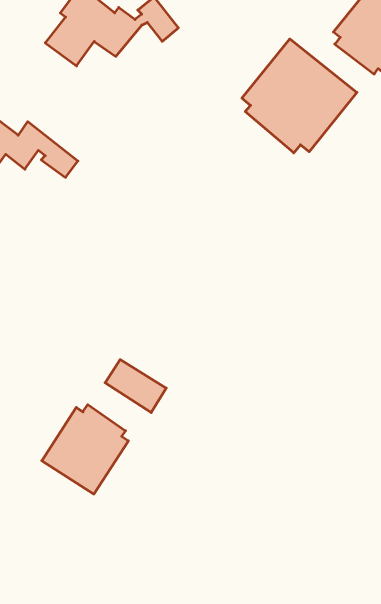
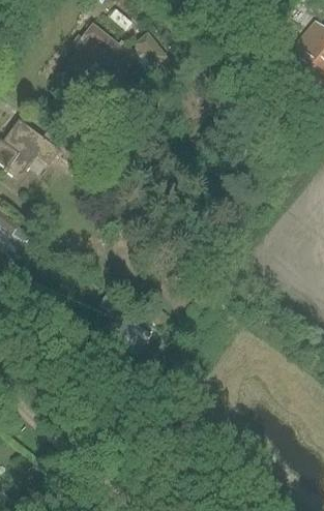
building: [242,39,357,153] -> none
building: [42,405,128,494] -> none

